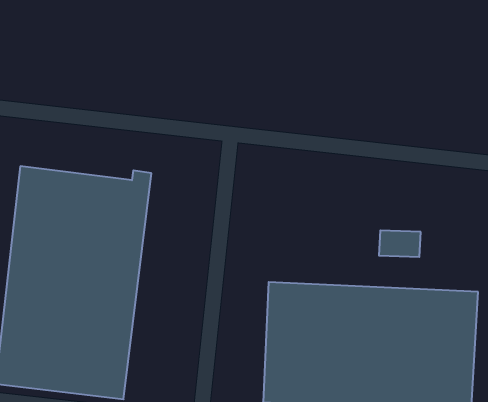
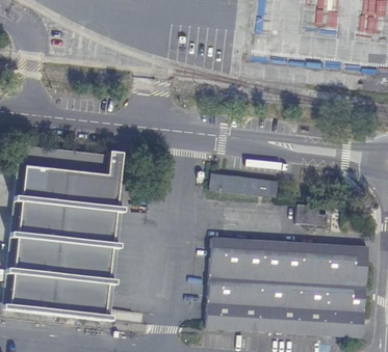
building: none -> [209,170,276,195]

